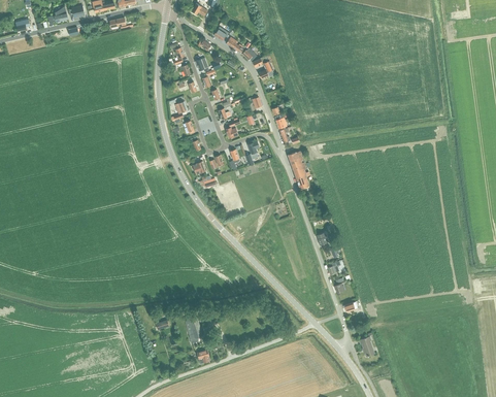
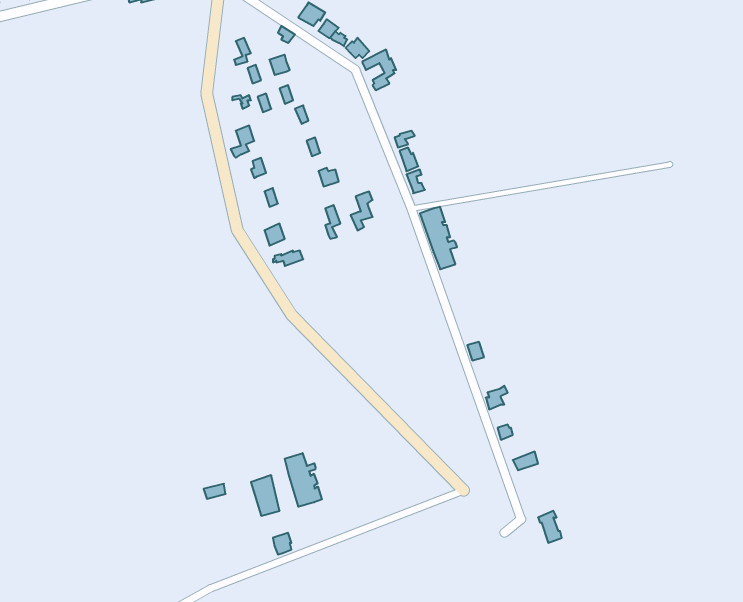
building: none -> [285,453,322,507]

